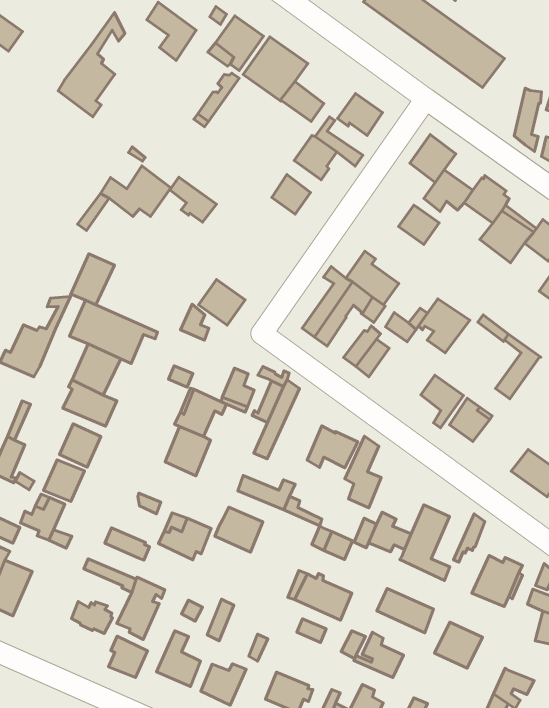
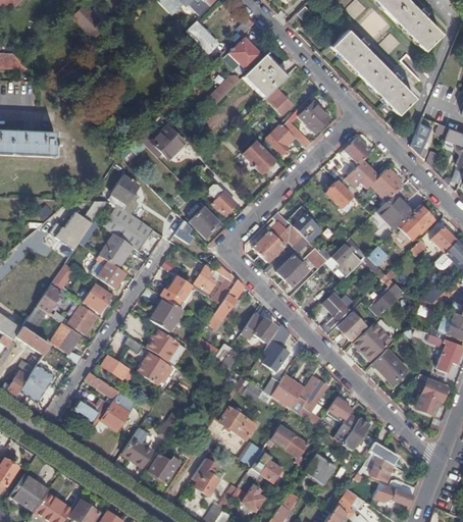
building: [58,13,125,117] -> none
building: [170,177,217,222] -> [208,182,237,214]
building: none -> [354,327,388,360]
building: [215,507,263,552] -> [147,329,179,361]
building: [109,636,147,678] -> none

